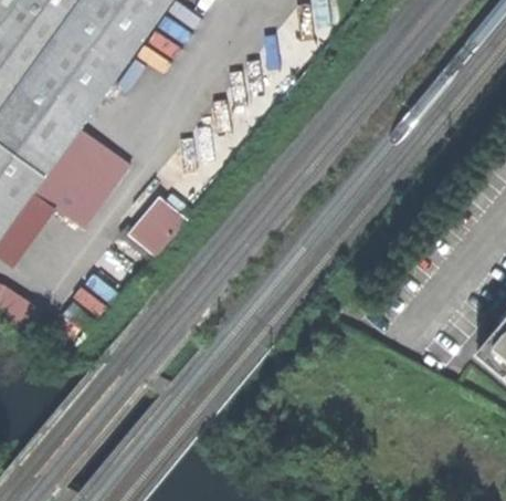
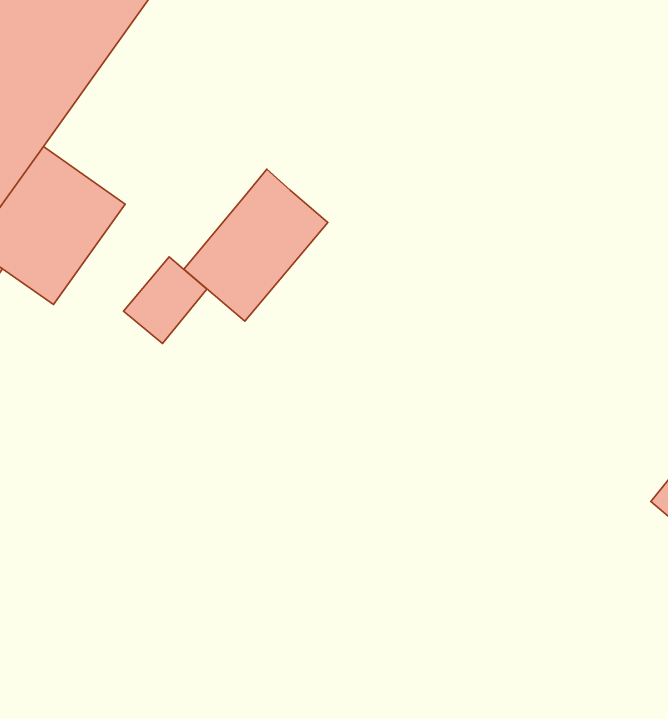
building: none -> [184,169,328,321]

